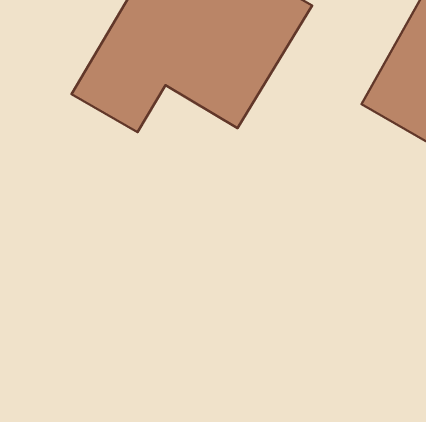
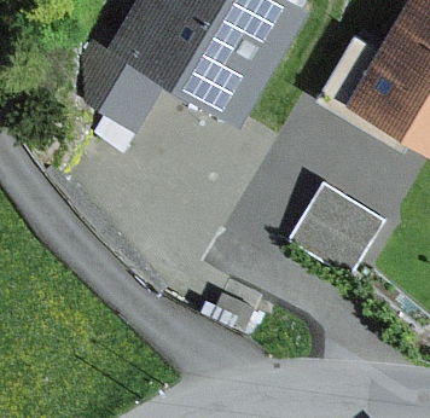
building: none -> [287,186,382,277]

